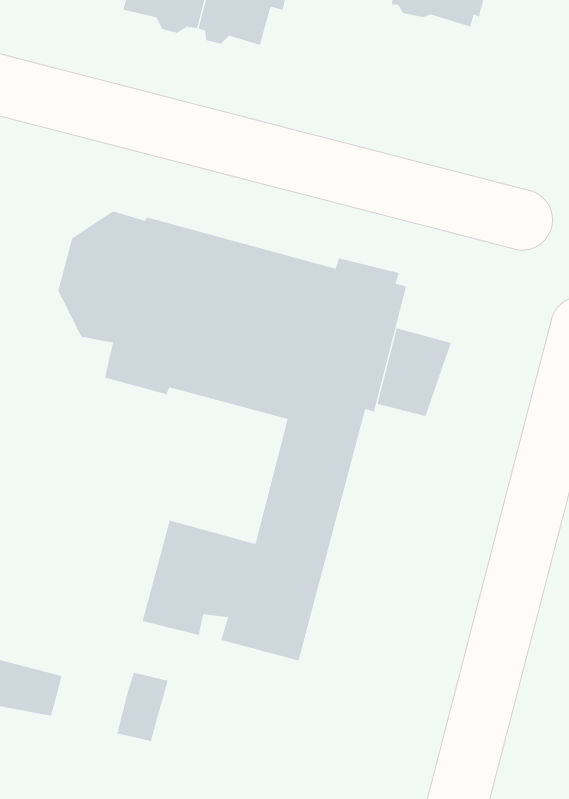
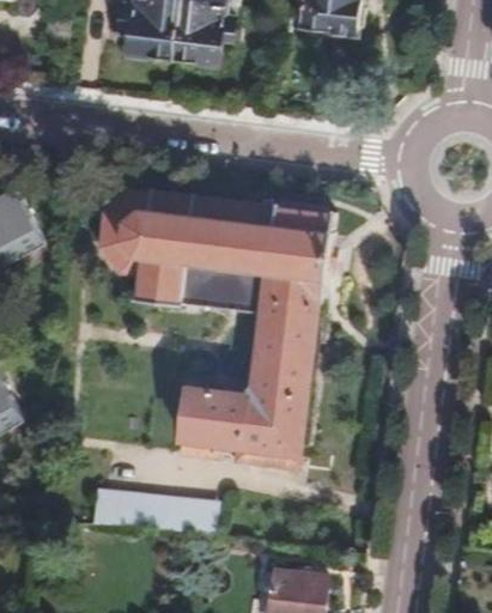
building: [377,328,451,417] -> none
building: none -> [133,498,181,532]

